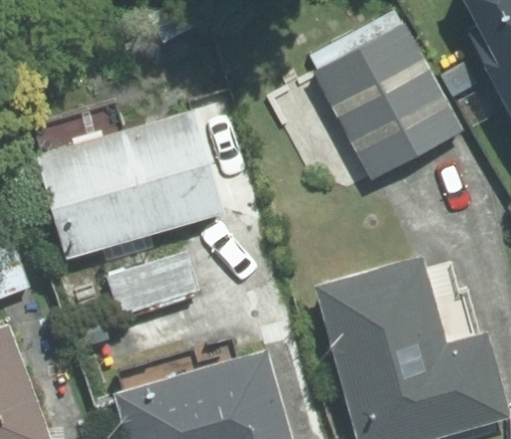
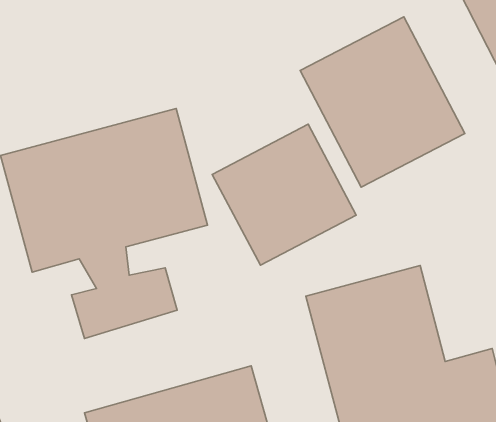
building: none -> [212,124,356,265]

